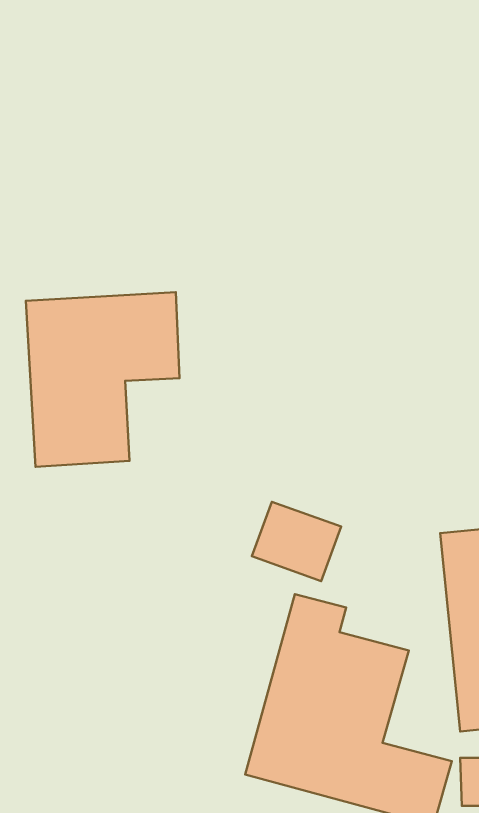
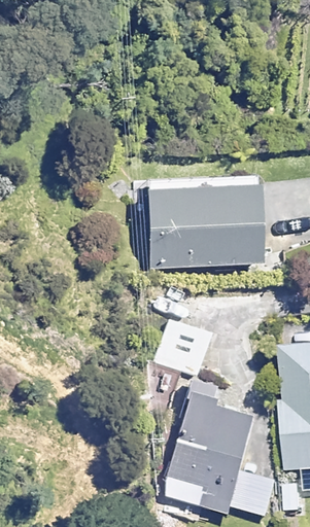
building: none -> [147,180,259,268]
building: [26,292,180,467] -> none

